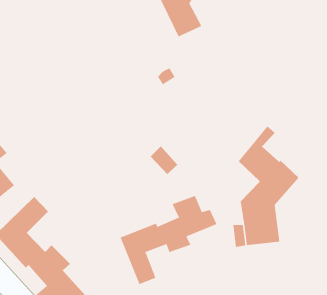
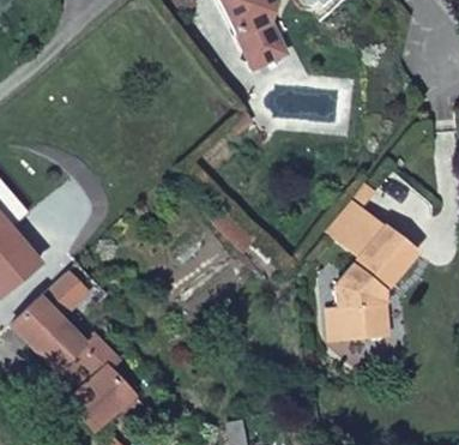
building: [120,195,217,285] -> none

